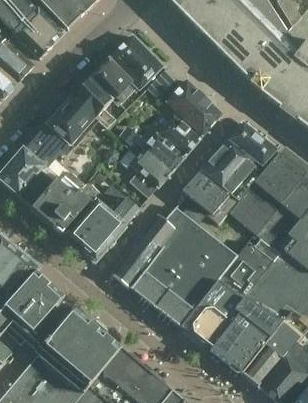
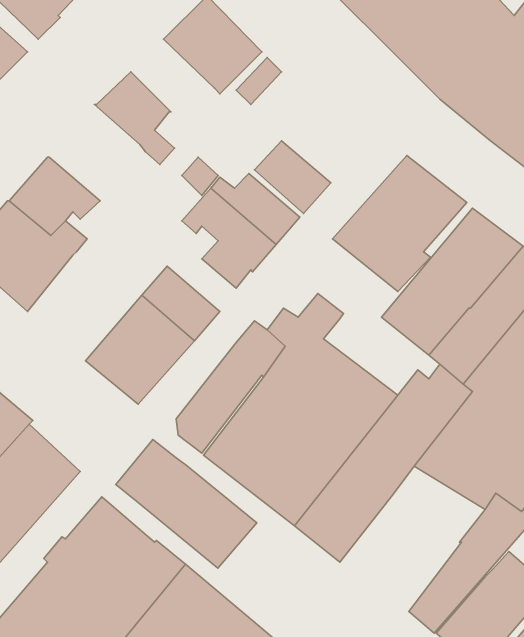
building: [93,58,137,108] -> none
building: [167,78,223,134] -> none
building: [46,94,99,147] -> none
building: [34,168,98,232] -> none
building: [183,171,237,222] -> none
building: none -> [116,439,257,568]
building: [211,293,286,373] -> none

